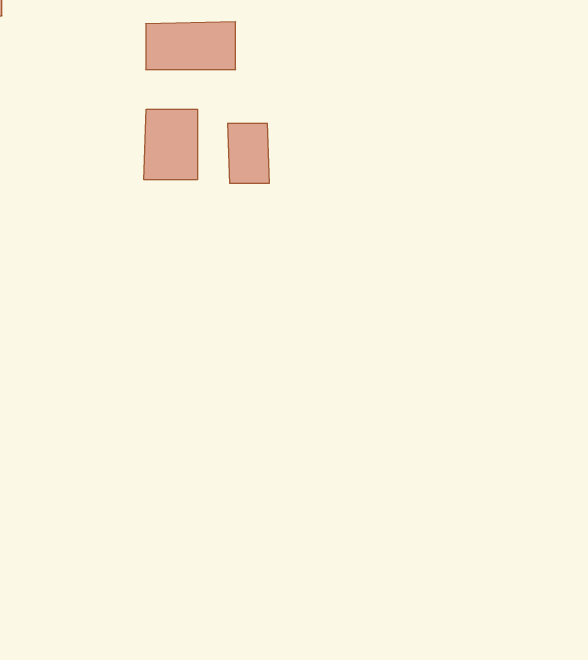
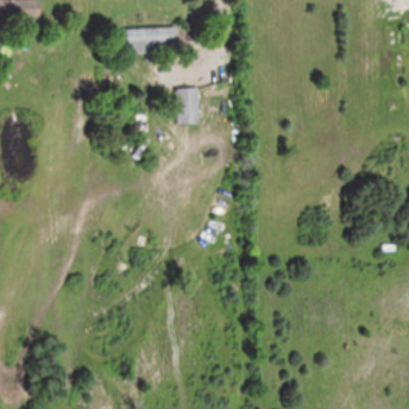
building: [144,109,197,180] -> none

